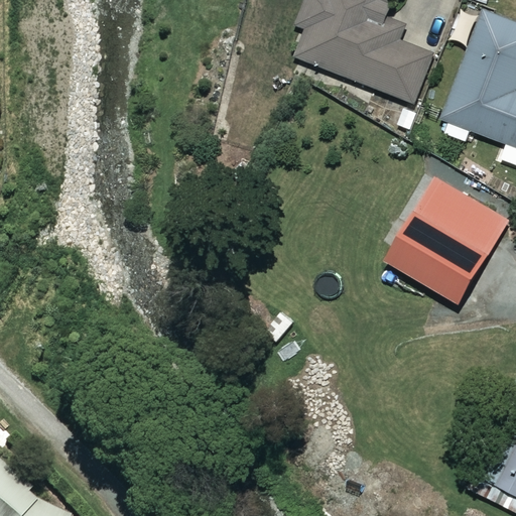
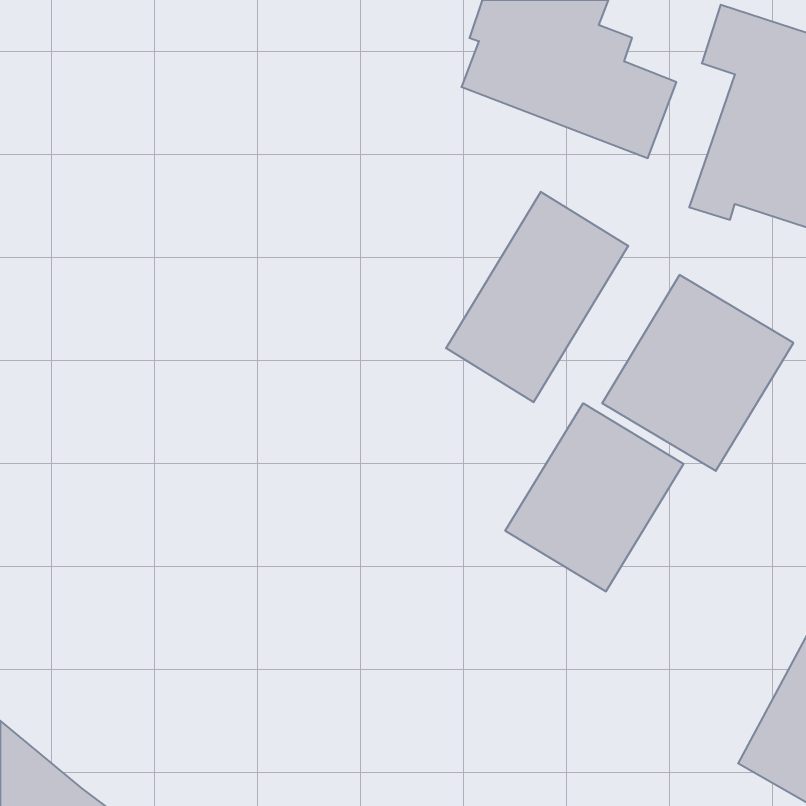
building: none -> [446,192,628,402]
building: none -> [505,403,684,592]

